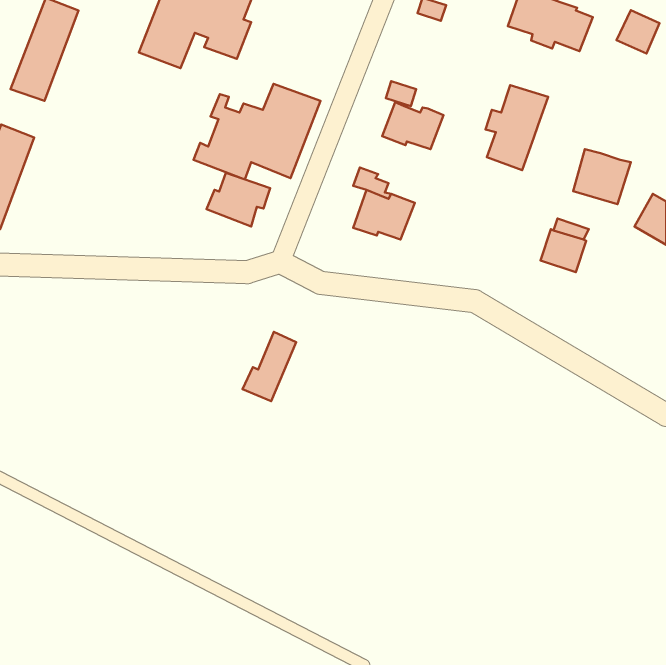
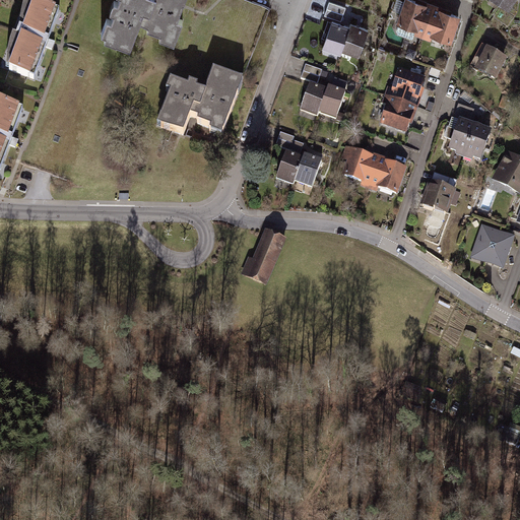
building: [616,10,660,53] -> [471,44,505,77]
building: none -> [322,16,369,53]
building: [207,173,270,226] -> none
building: none -> [341,144,410,193]
building: none -> [470,223,512,265]
building: [242,332,296,401] -> [241,228,282,281]

